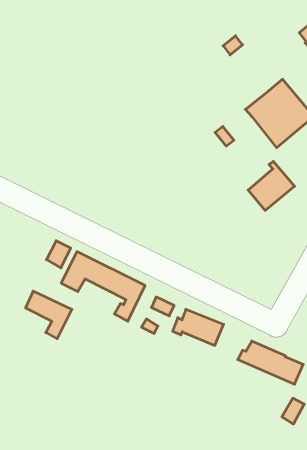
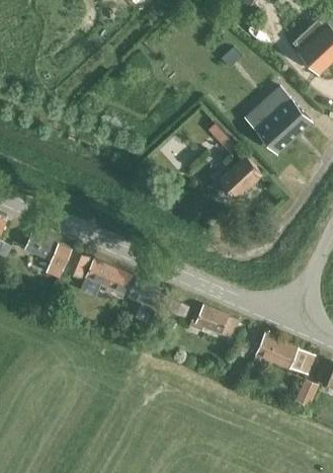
building: [248,161,295,210] -> [218,152,261,199]
building: [26,291,72,339] -> [25,234,69,278]

